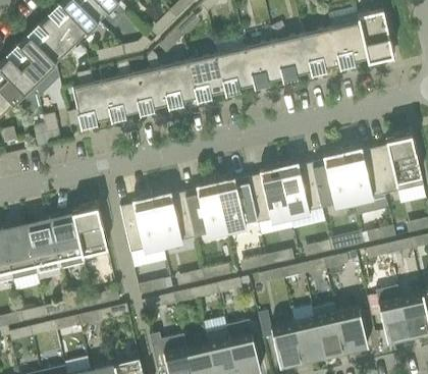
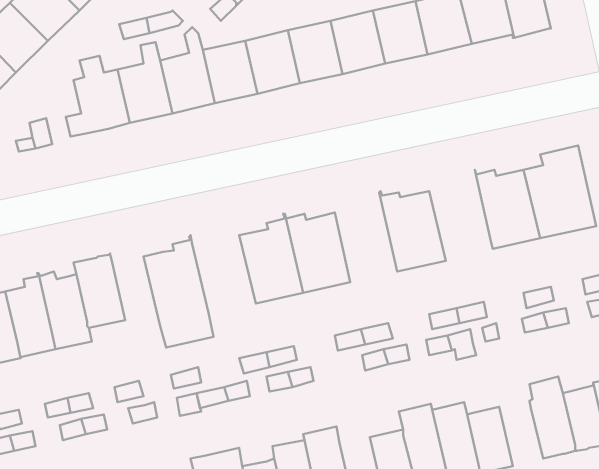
building: [311,149,354,210] -> none
building: [248,164,289,224] -> none
building: [151,193,195,246] -> none

